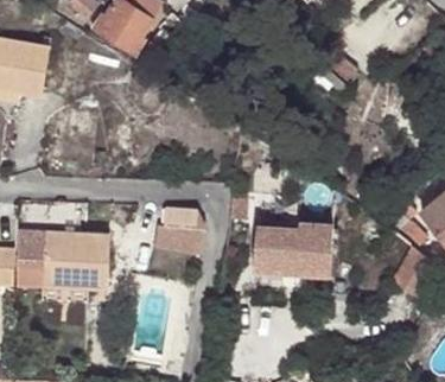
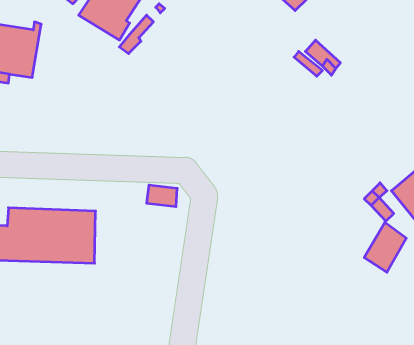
building: [154,210,204,252] -> none
building: [255,222,331,272] -> none

